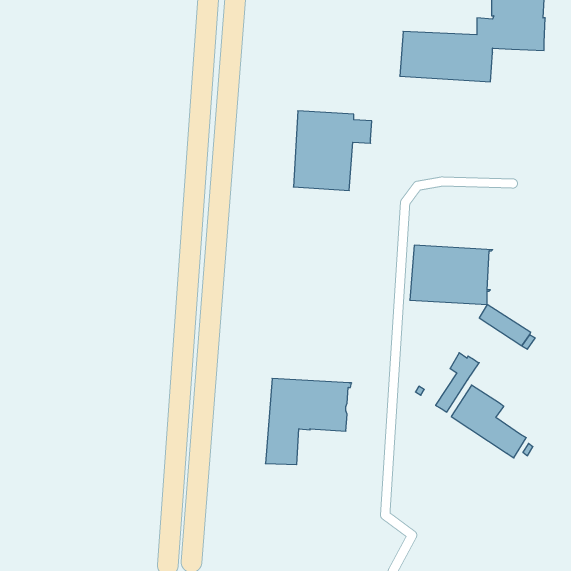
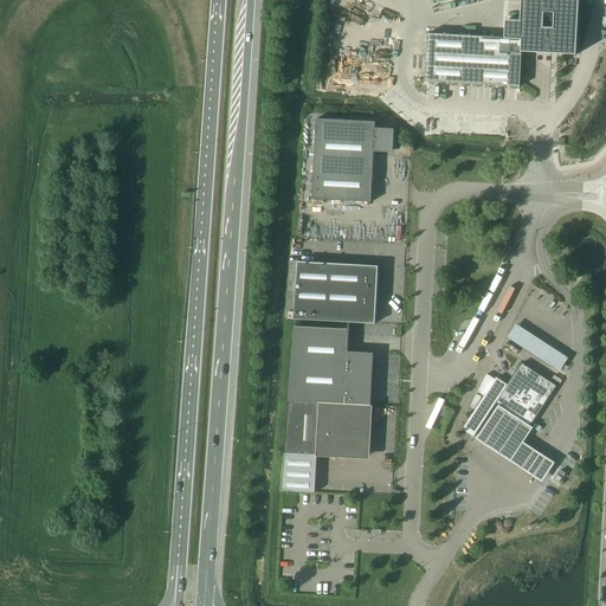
building: [410,245,493,305] -> [292,260,380,323]
building: none -> [288,325,373,405]
building: none -> [495,362,555,426]

